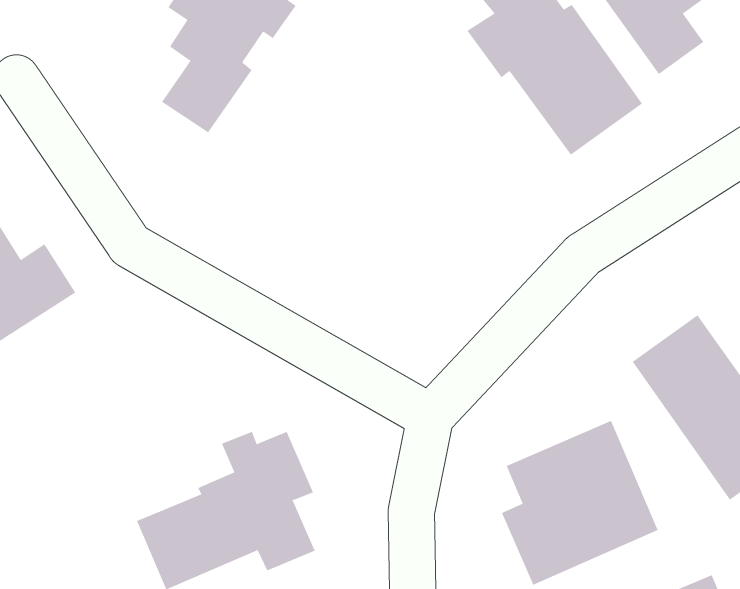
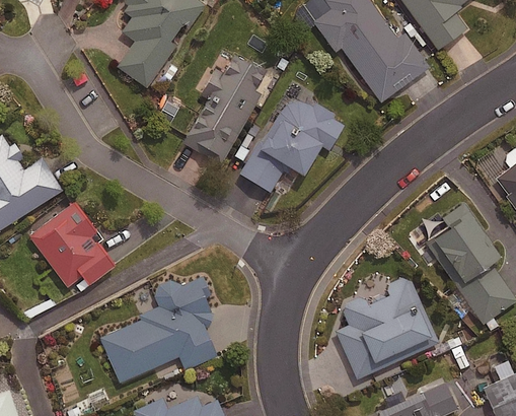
building: none -> [185,58,262,164]
building: none -> [239,91,345,192]
building: none -> [27,201,114,287]

